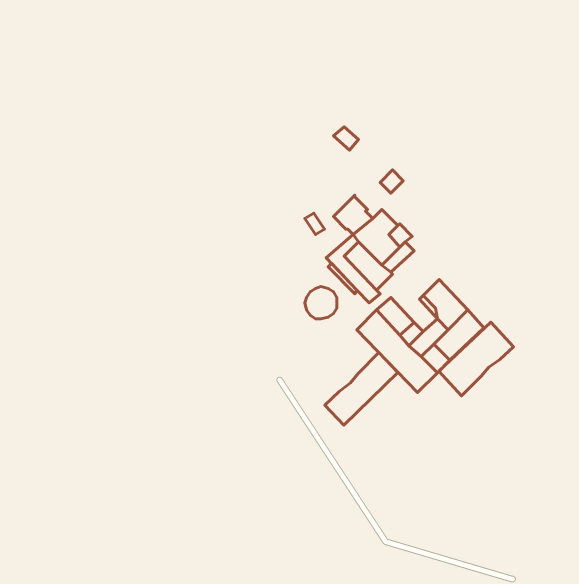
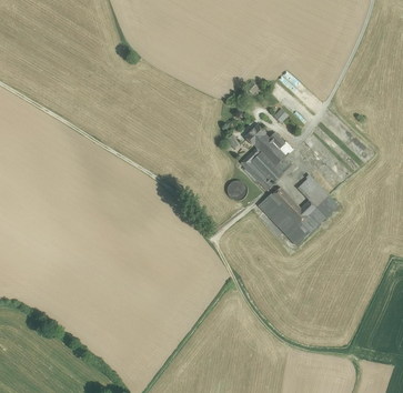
building: [439,322,514,396] -> none
building: [325,353,398,425] -> none

